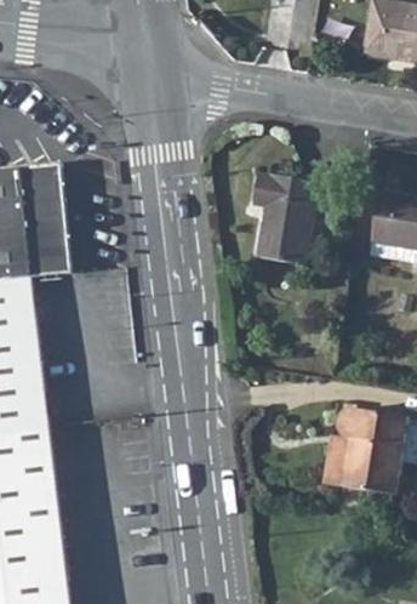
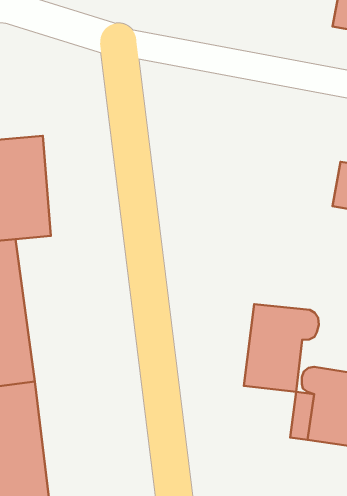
building: [251,176,316,267] -> none
building: none -> [244,304,319,392]

